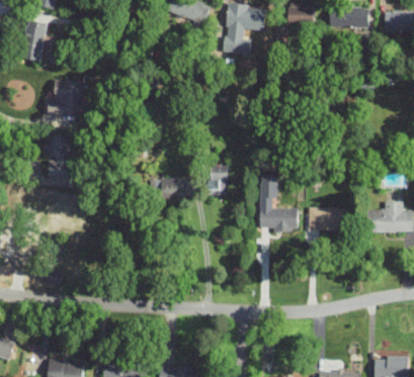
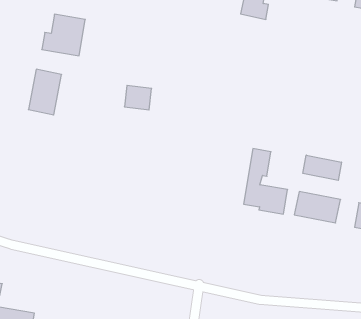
building: [208,165,228,195] -> none
building: none -> [303,155,341,180]
building: [153,178,177,199] -> [124,85,152,110]

